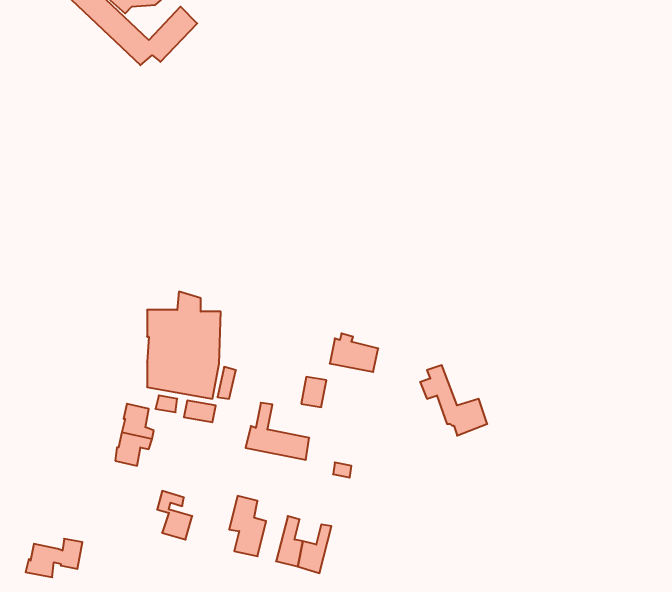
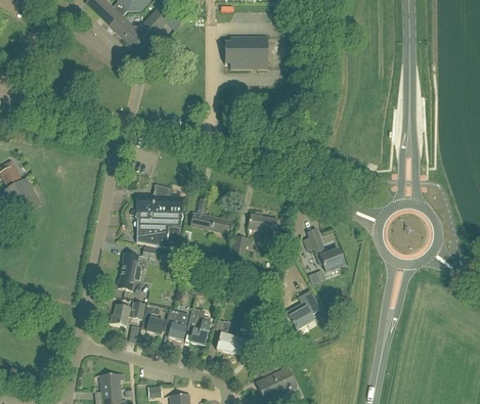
building: none -> [223,35,266,68]
building: [246,403,309,460] -> [189,197,228,232]
building: none -> [283,289,320,329]
building: none -> [165,311,188,340]
building: [26,539,82,577] -> [110,301,144,324]

